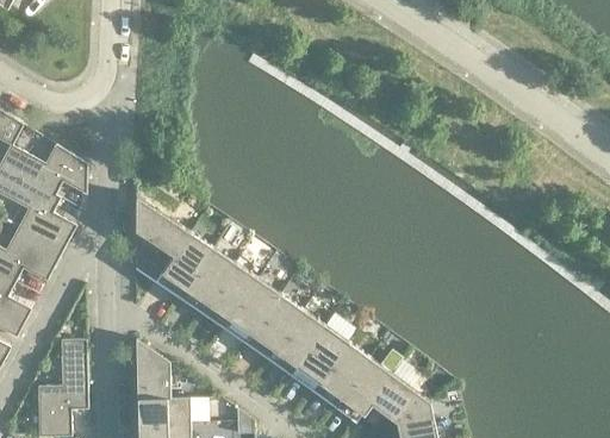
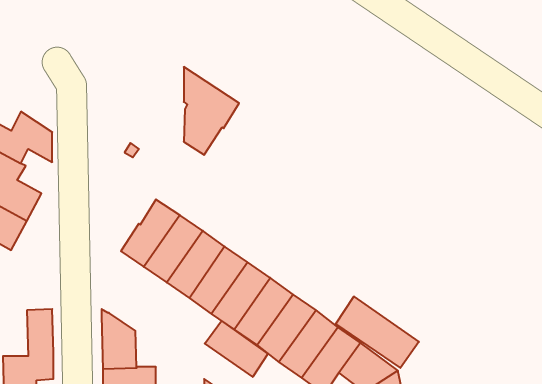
building: [135,196,189,283] -> [184,67,239,155]
building: none -> [336,296,419,368]
building: none -> [205,321,268,377]

